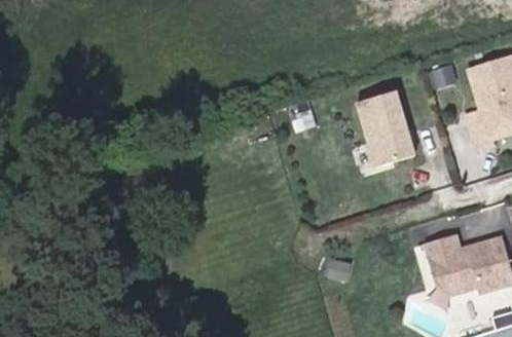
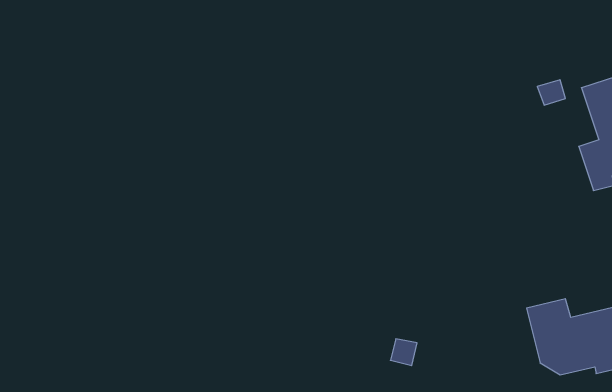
building: [357,91,415,166] -> none

